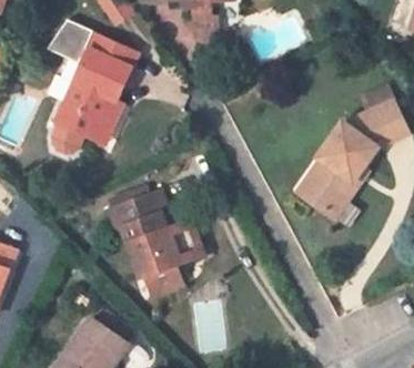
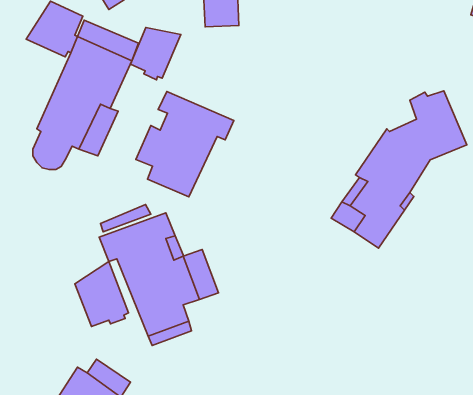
building: none -> [130,28,181,80]
building: none -> [136,92,234,197]
building: none -> [75,262,129,326]

